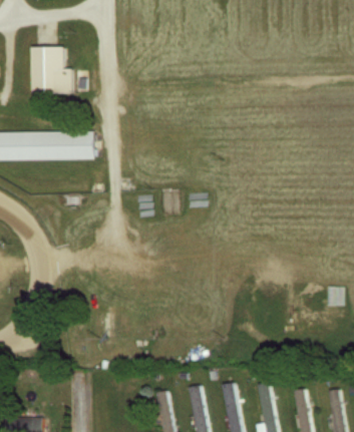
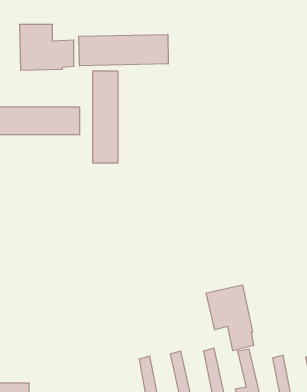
building: none -> [79,34,168,66]
building: none -> [93,71,118,163]
building: none -> [206,285,253,351]

